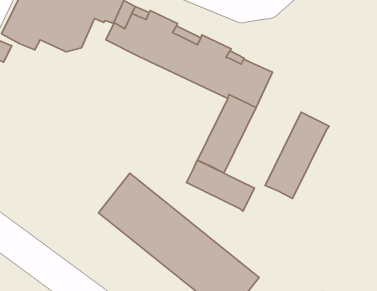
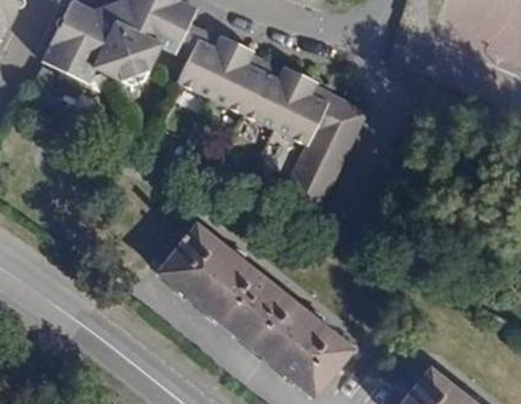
building: [265,112,329,199] -> none
building: [186,160,254,211] -> none

